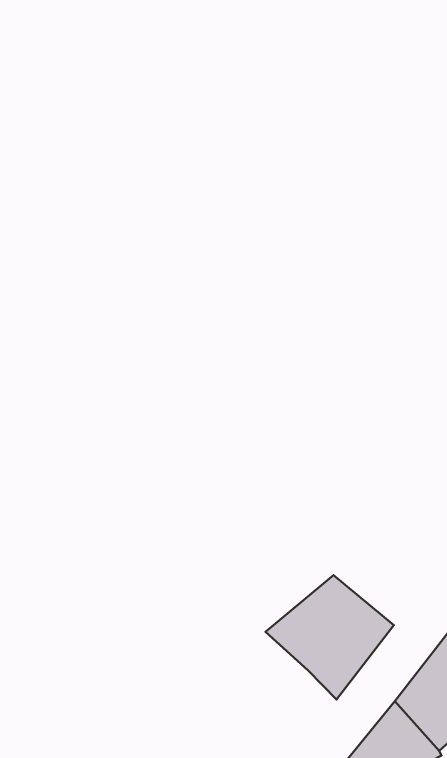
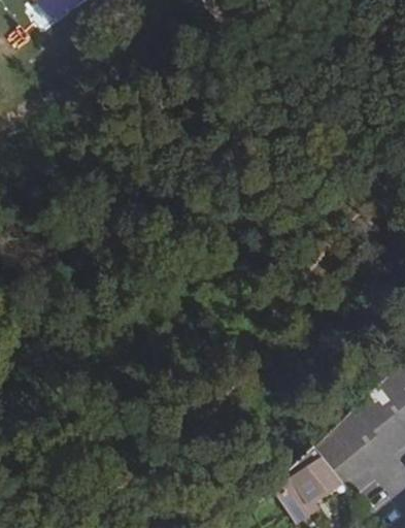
building: [265,575,394,699] -> none

